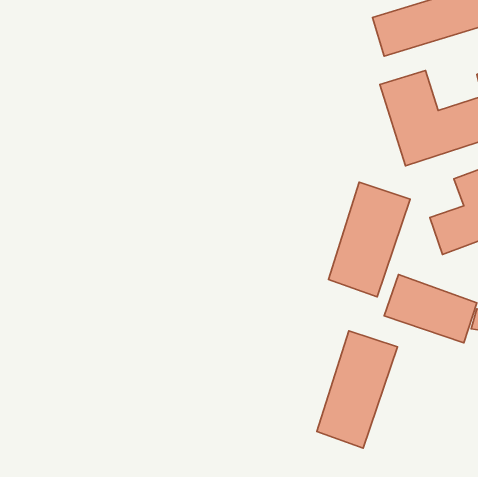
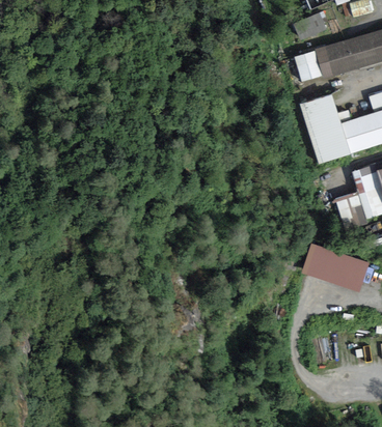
building: [329,182,410,297] -> none
building: [317,331,397,448] -> none

